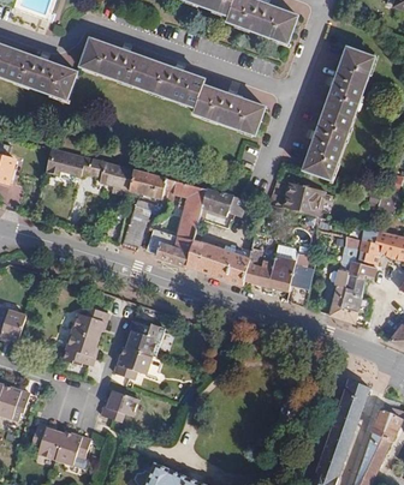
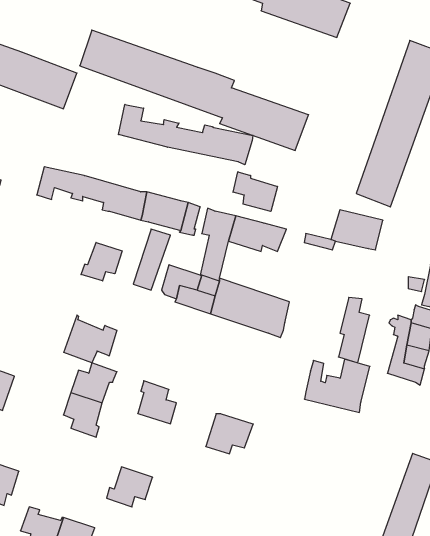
building: none -> [118,104,253,165]
building: none -> [233,172,277,211]
building: none -> [81,242,122,281]
building: [244,247,297,291] -> [304,359,370,412]
building: none -> [64,315,117,363]
building: [114,347,153,379] -> [206,414,253,454]

